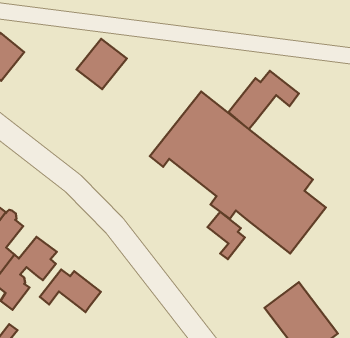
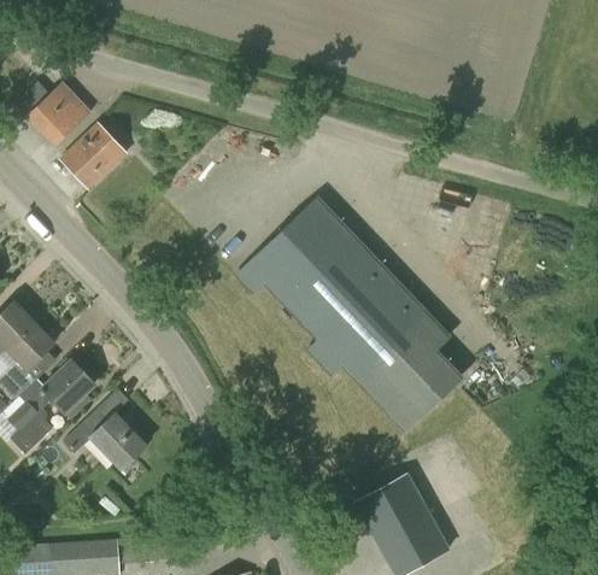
building: [77,39,127,89] -> [59,122,128,189]
building: [228,71,299,129] -> none
building: [208,212,245,259] -> none

